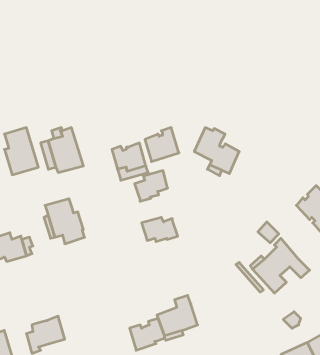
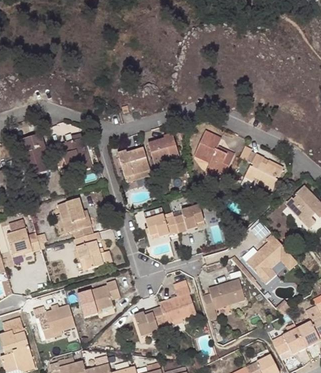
building: none -> [239,146,283,190]
building: [135,171,168,201] -> [173,205,203,233]
building: none -> [74,232,108,270]
building: none -> [205,279,245,319]
building: none -> [77,281,120,318]

